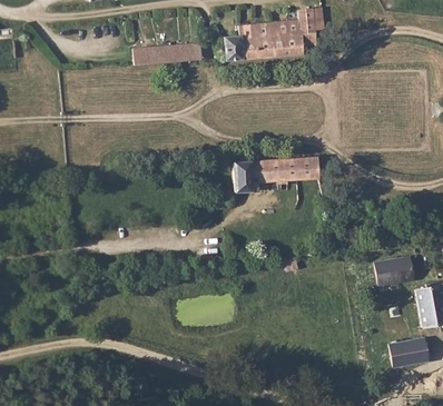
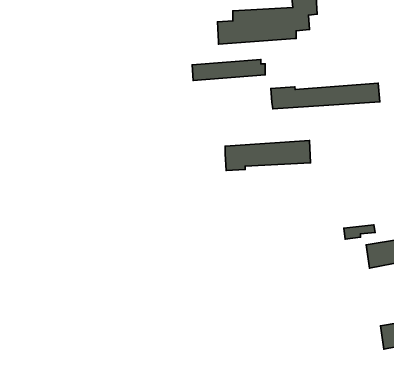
building: [134,43,207,65] -> [192,59,265,81]
building: none -> [271,83,380,109]

